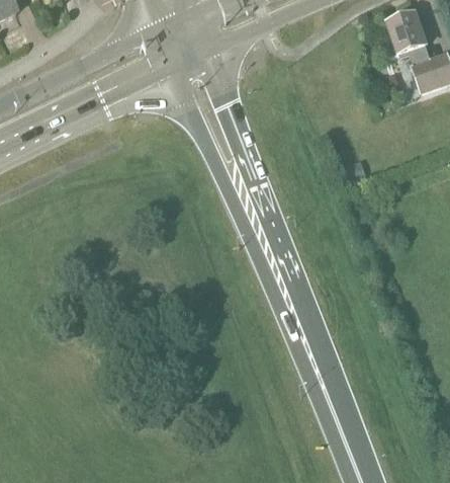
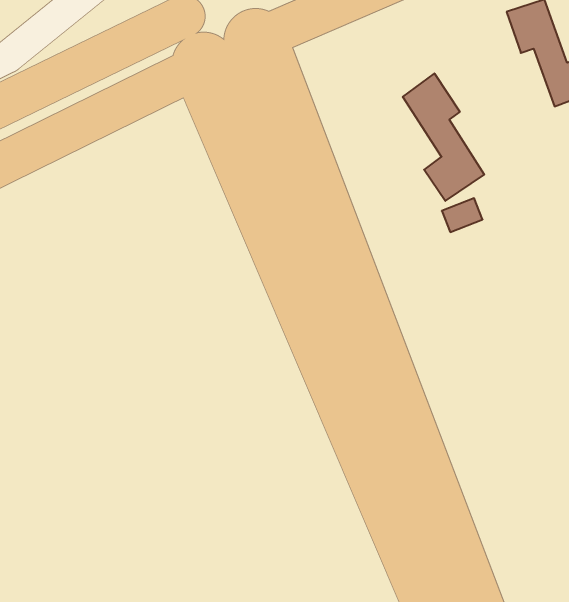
building: none -> [403,73,484,201]

